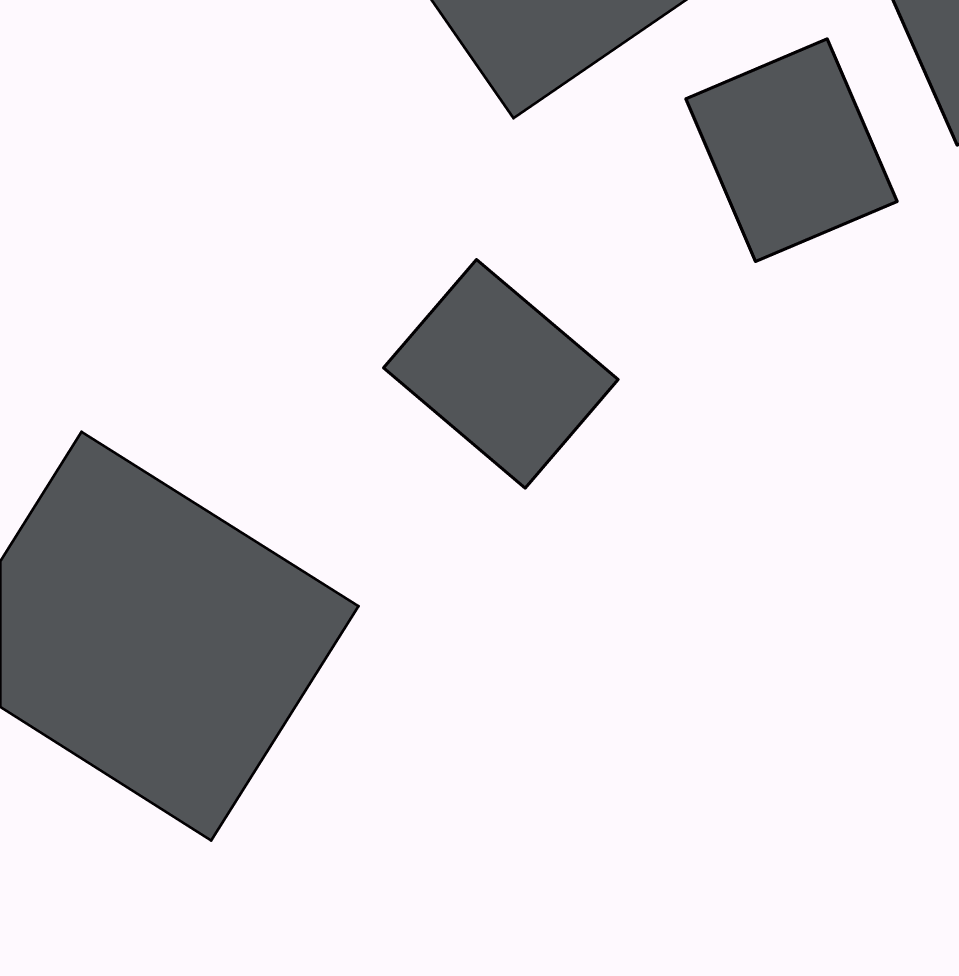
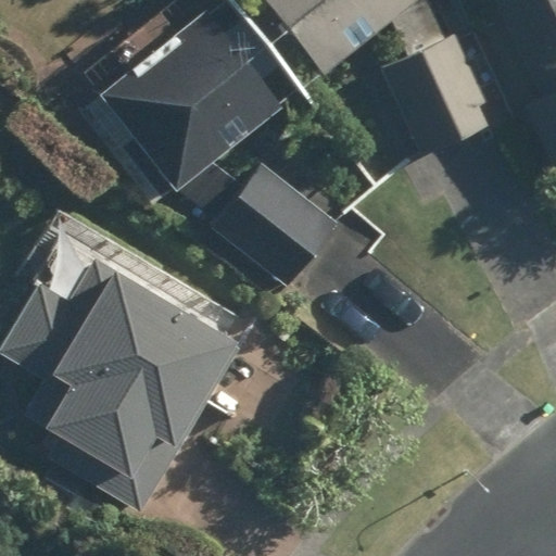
building: none -> [100,23,280,203]

